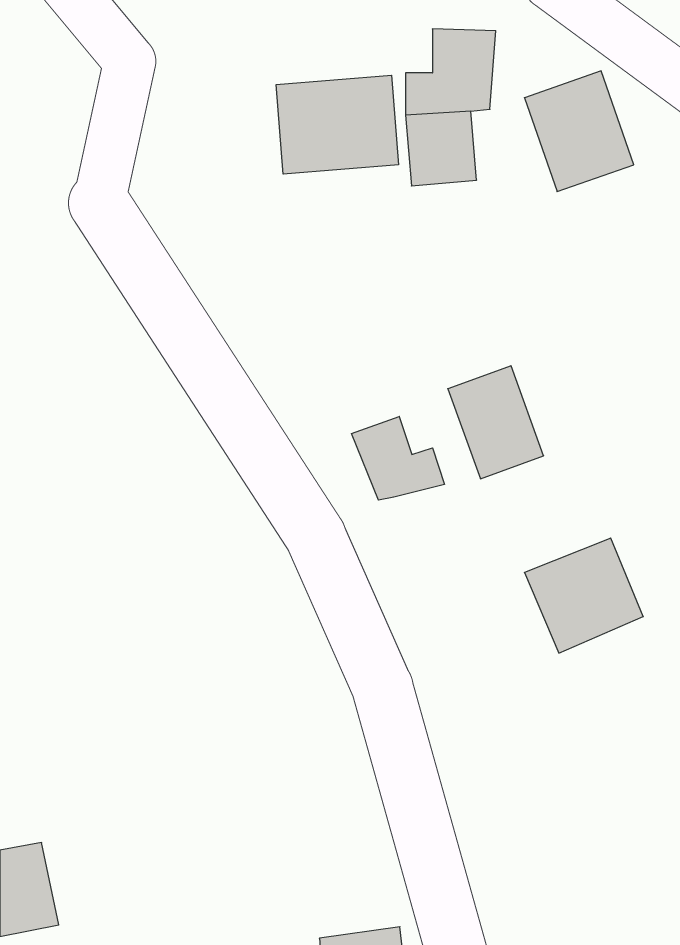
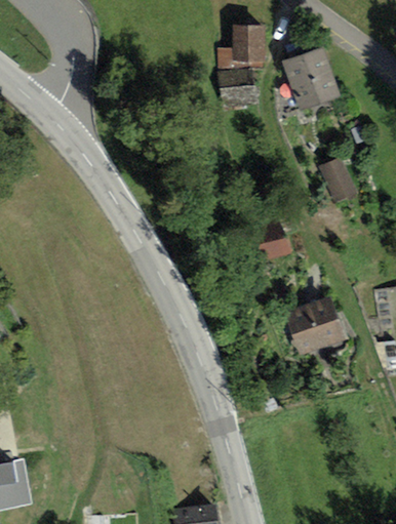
building: [276,75,398,174] -> none
building: none -> [318,156,357,202]
building: [352,416,444,500] -> none

